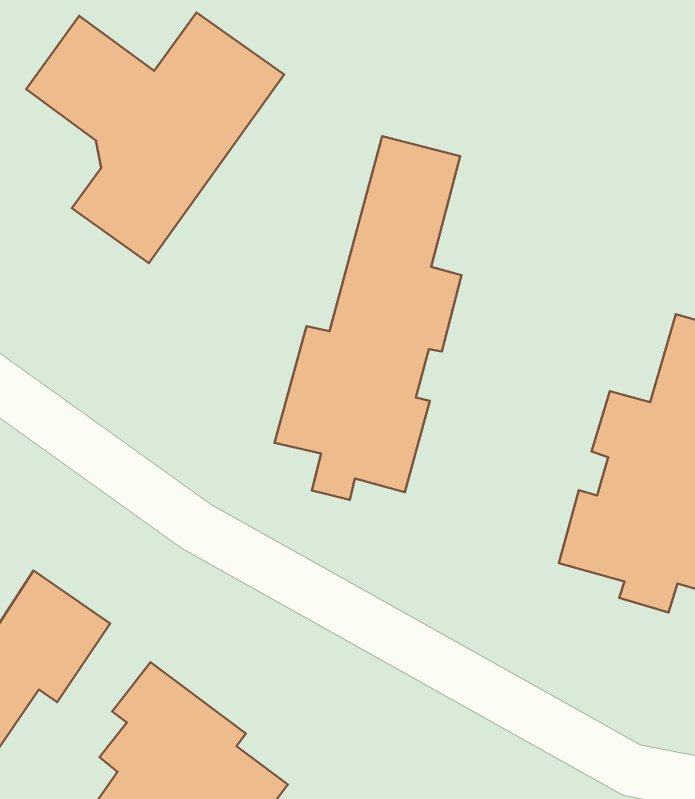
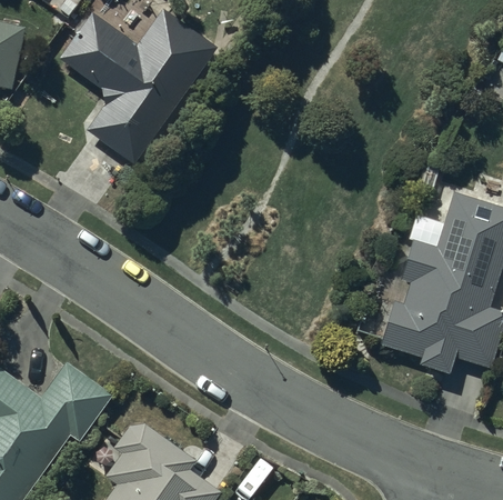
building: [274,136,462,500] -> none

